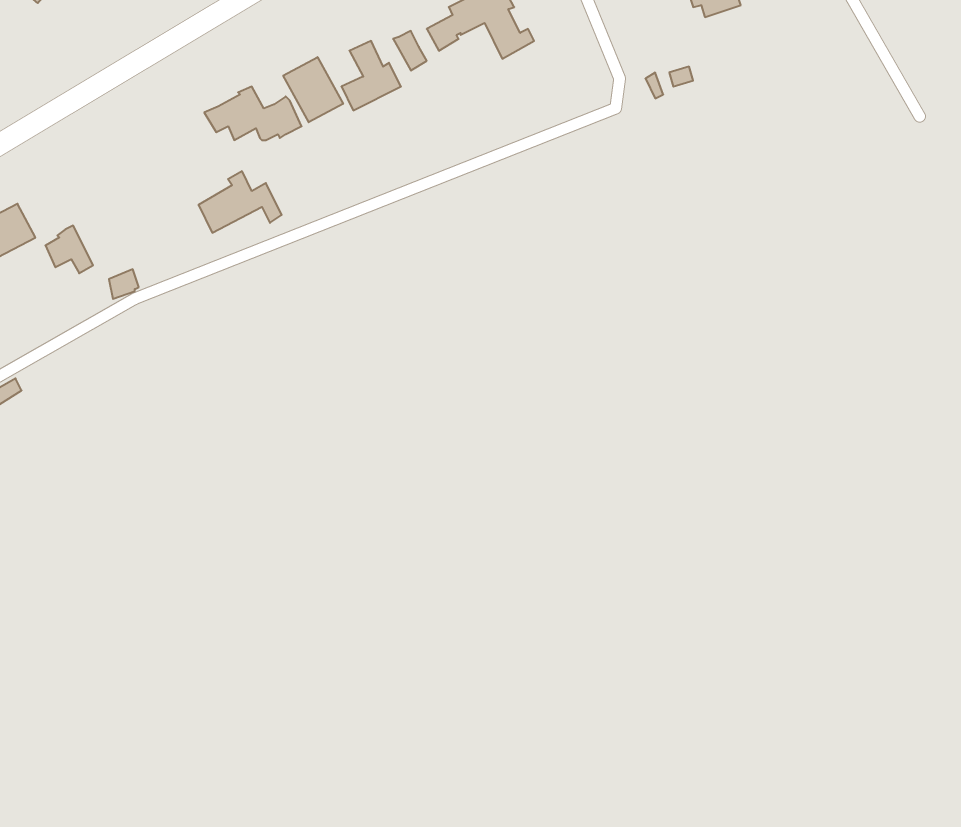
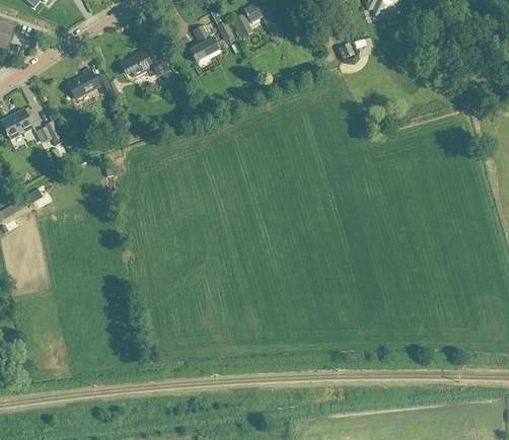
building: [283,57,343,122] -> none
building: [198,171,282,233] -> [67,67,110,98]

